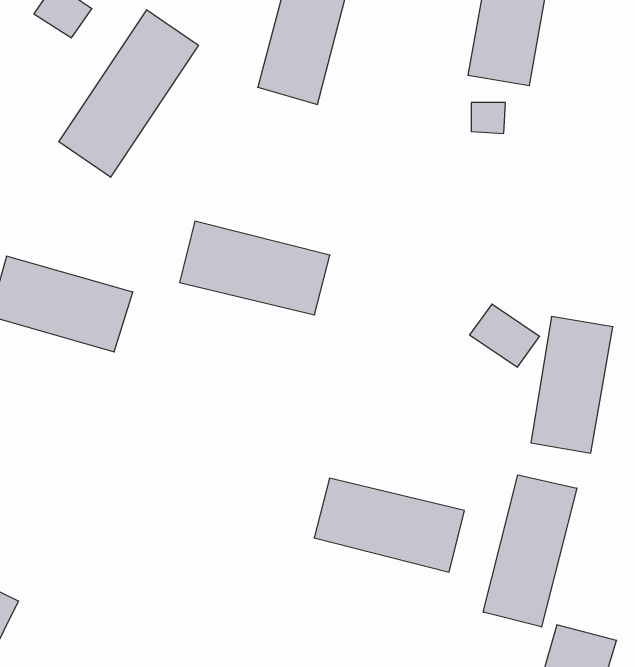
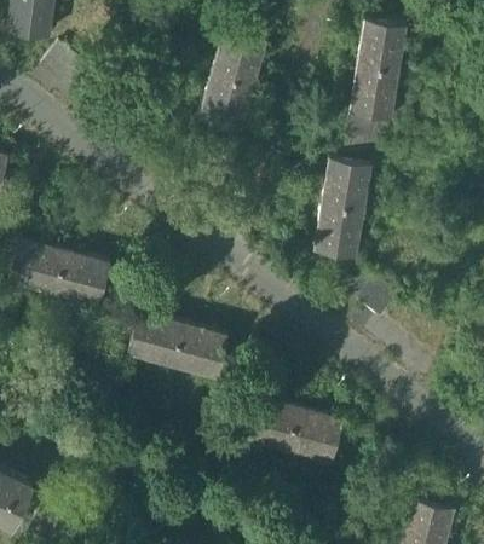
building: [59,10,198,177] -> none
building: [180,221,330,315] -> [123,313,230,380]
building: [531,316,613,453] -> [313,162,371,259]
building: [483,475,577,627] -> none

